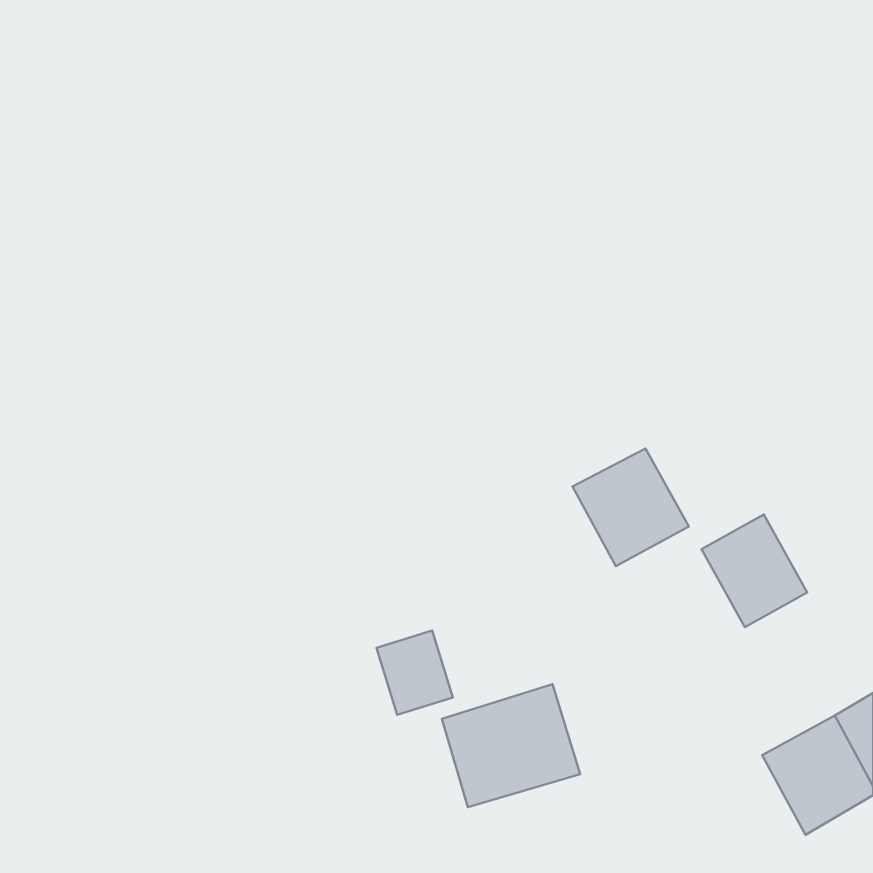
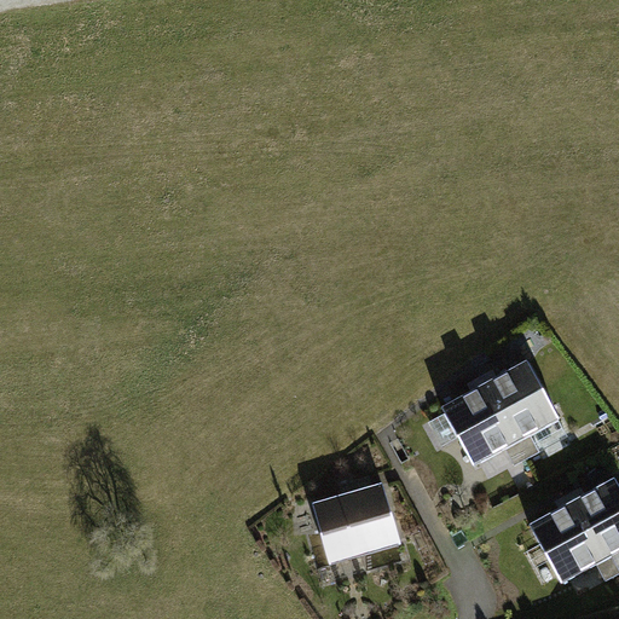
building: [573,448,689,566] -> [439,383,520,465]
building: [377,631,453,715] -> none

